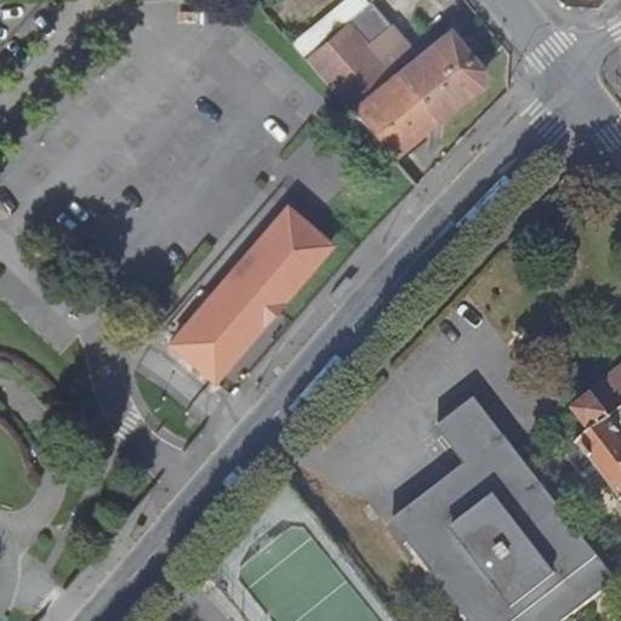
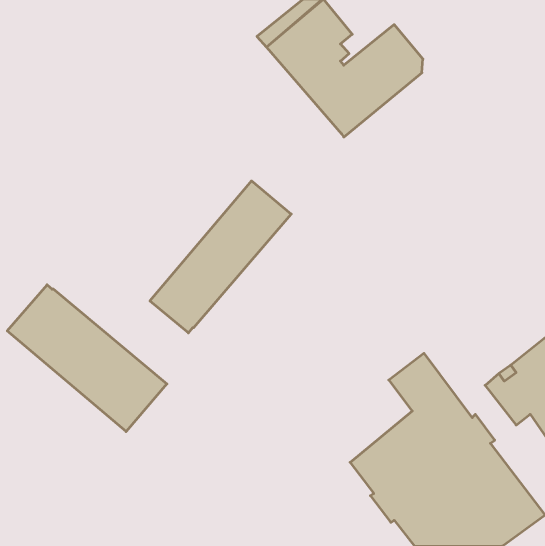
building: none -> [7,285,167,432]

